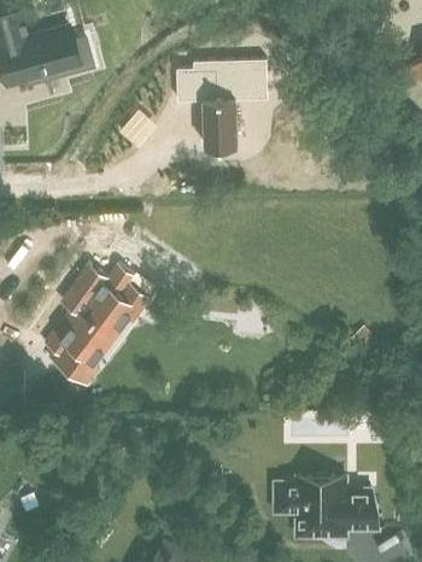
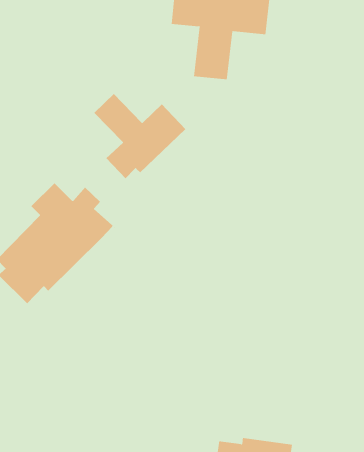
building: none -> [93,93,186,179]

